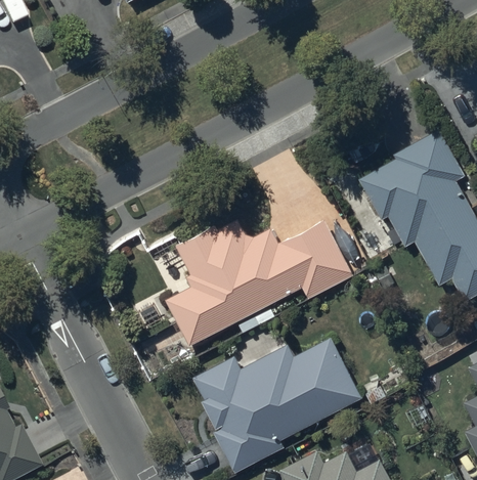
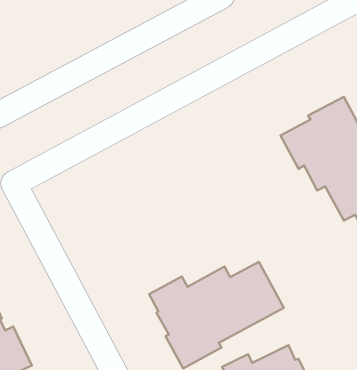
building: [164,219,354,348] -> none

